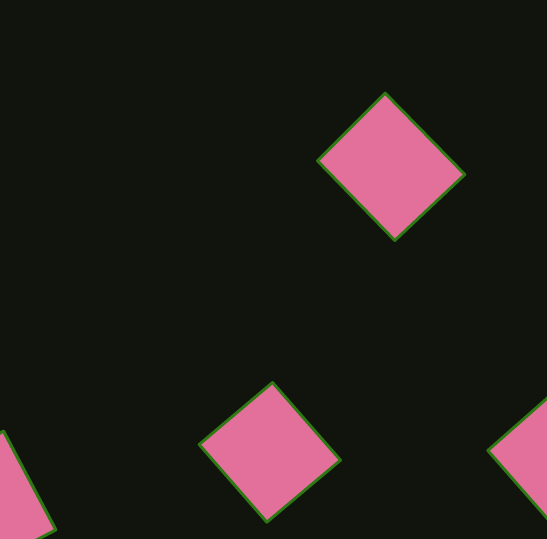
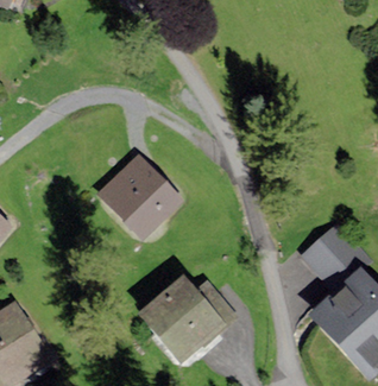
building: [317,93,465,240] -> [96,150,187,240]

